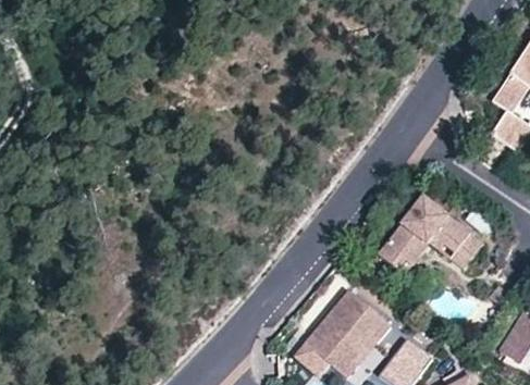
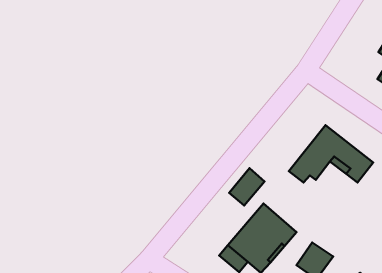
building: none -> [229,168,264,206]

